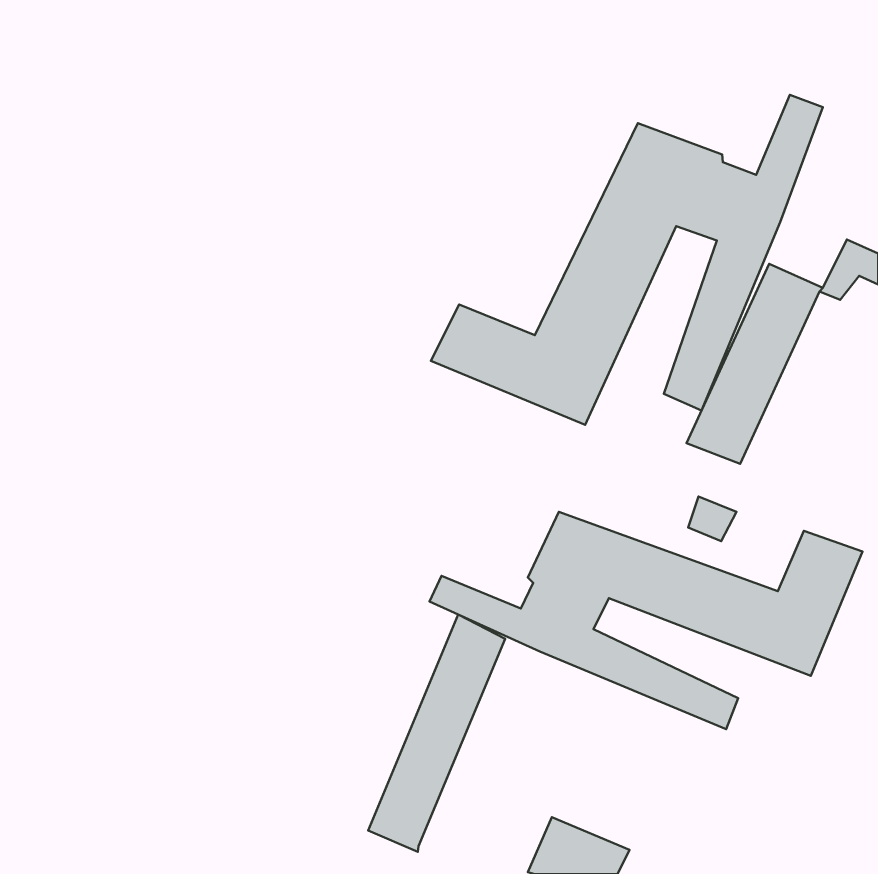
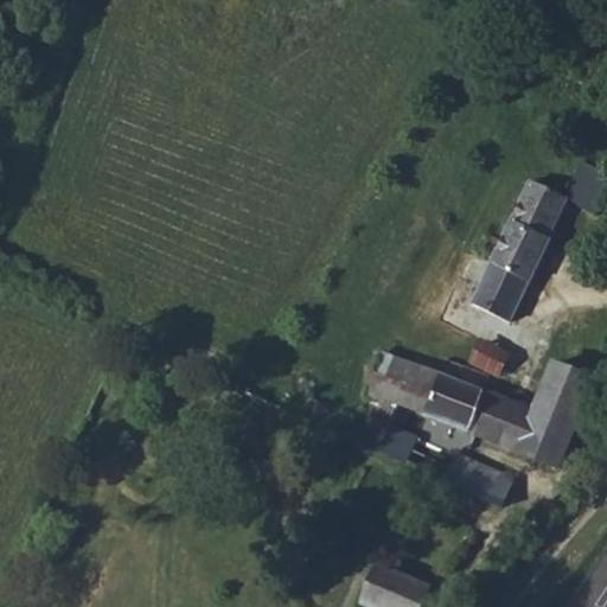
building: [431,95,823,425] -> none
building: [368,615,505,852] -> none

